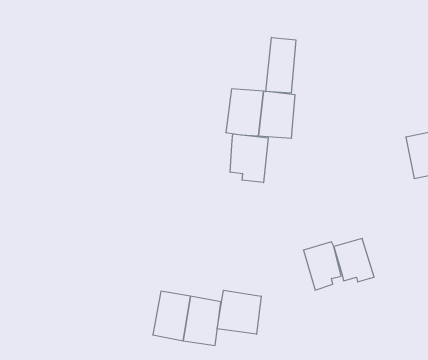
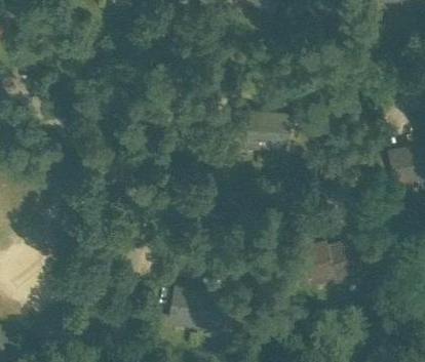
building: [266,37,296,93] -> none
building: [230,134,268,183] -> none
building: [217,290,261,334] -> none

